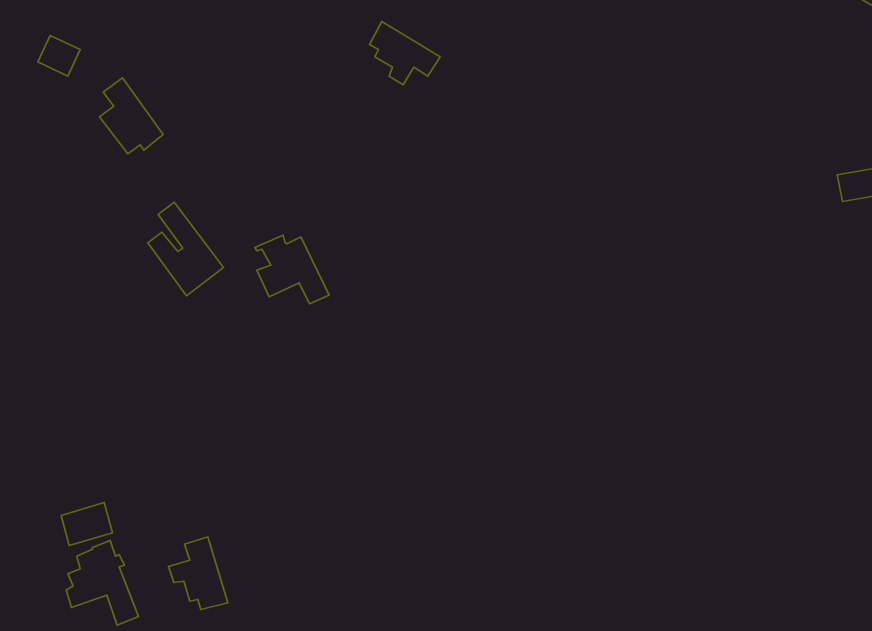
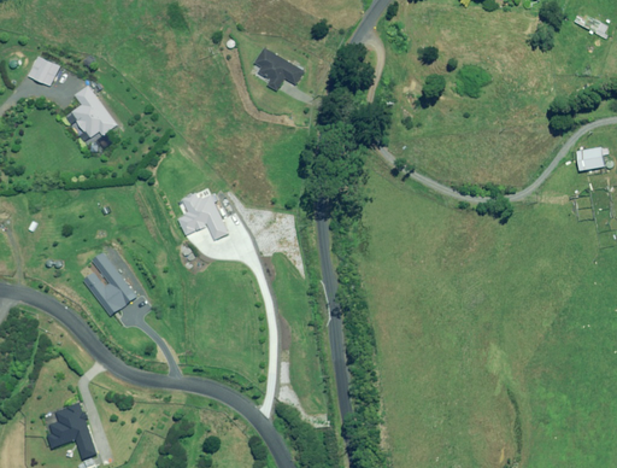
building: [148,202,224,296] -> [84,251,136,315]
building: [61,503,112,546] -> none
building: [169,537,228,610] -> none

